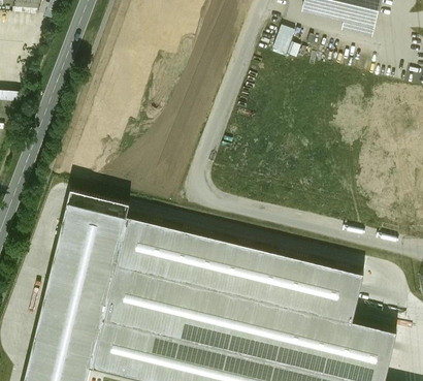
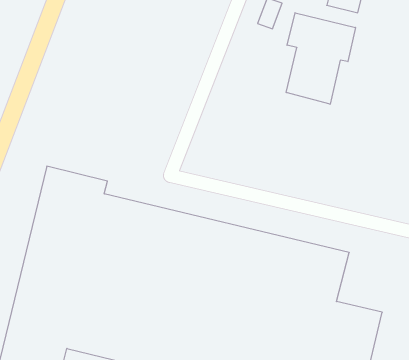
building: none -> [286,13,355,104]

